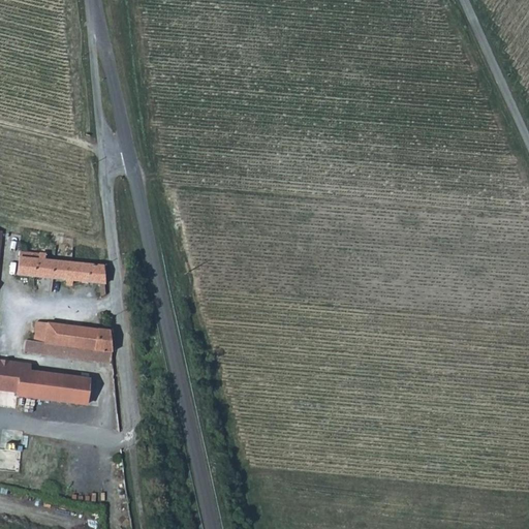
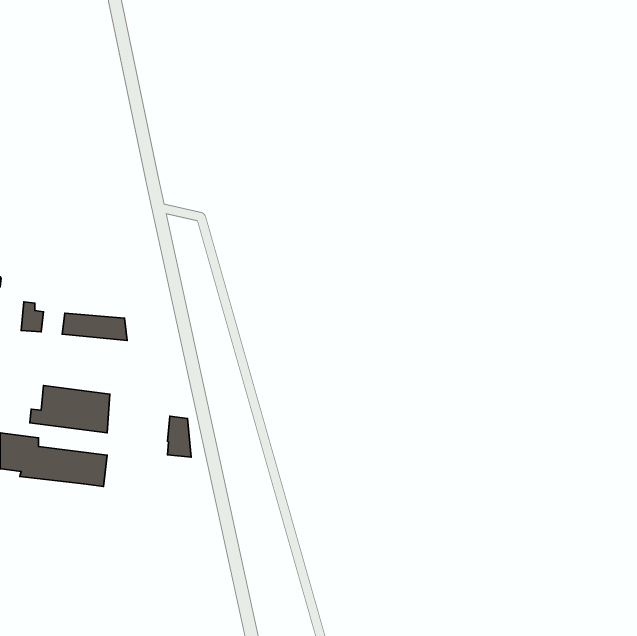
building: [29,252,54,278] -> none
building: [93,329,113,363] -> [167,416,191,457]

